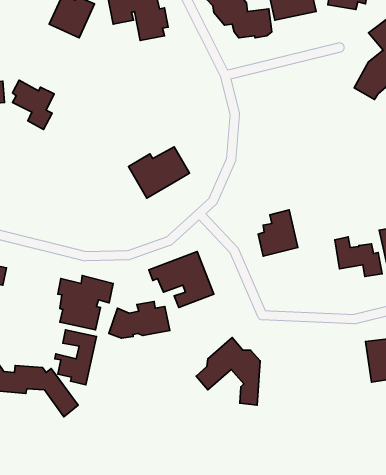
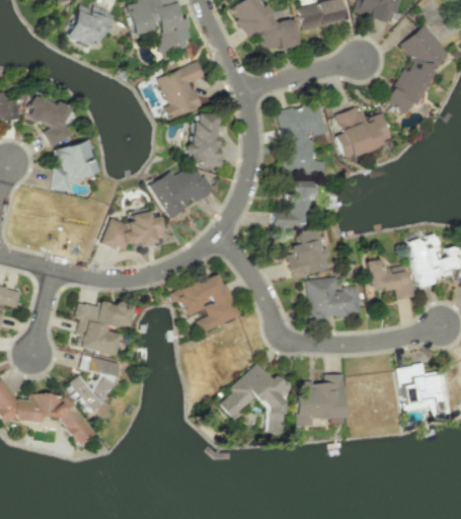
building: none -> [158,61,205,119]
building: none -> [279,103,328,170]
building: none -> [337,106,391,158]
building: none -> [189,114,224,165]
building: none -> [54,140,98,191]
building: none -> [274,179,311,227]
building: none -> [306,277,362,318]
building: [109,302,170,338] -> [102,210,166,248]
building: none -> [298,373,344,425]

